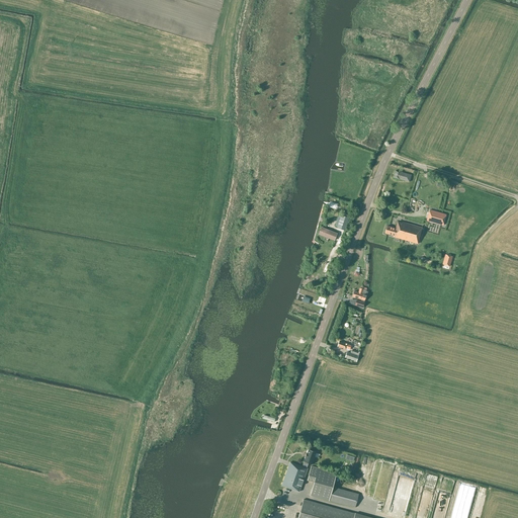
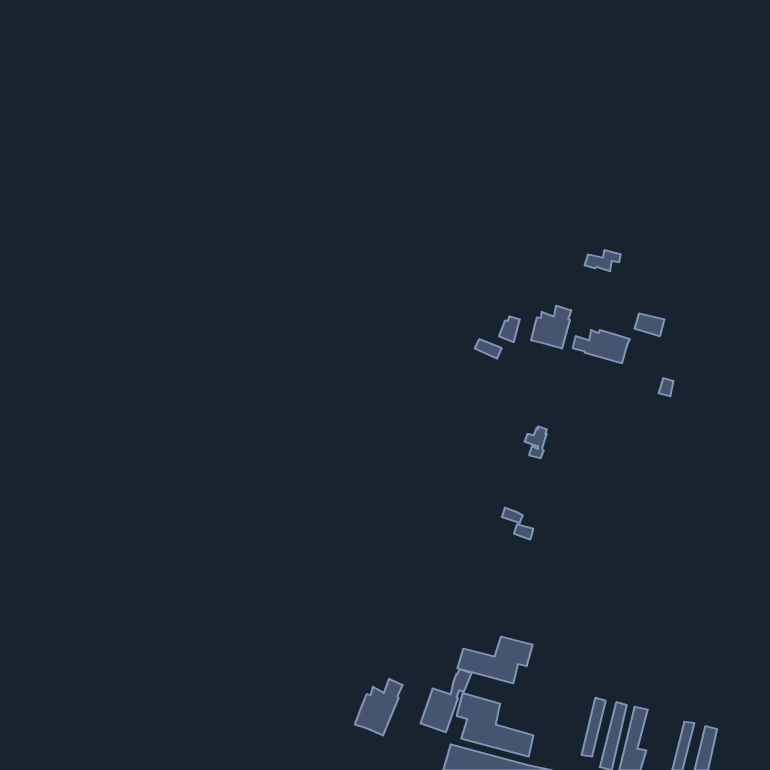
building: none -> [531,306,571,349]
building: none -> [457,637,532,683]
building: none -> [355,679,403,736]

